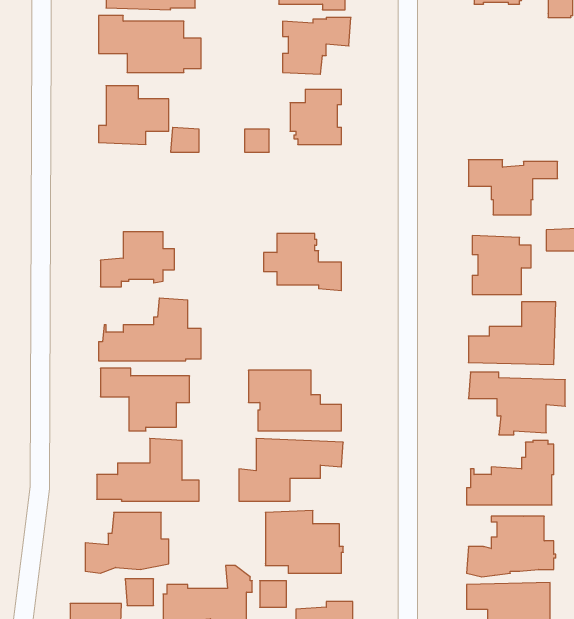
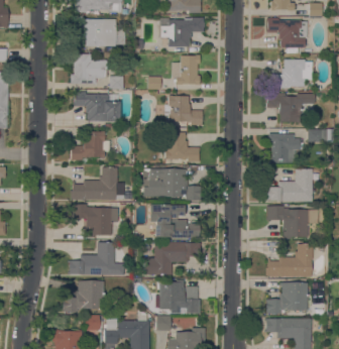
building: none -> [267,18,308,47]
building: none -> [269,60,313,89]
building: none -> [75,91,120,122]
building: none -> [164,95,203,125]
building: none -> [144,168,203,200]

